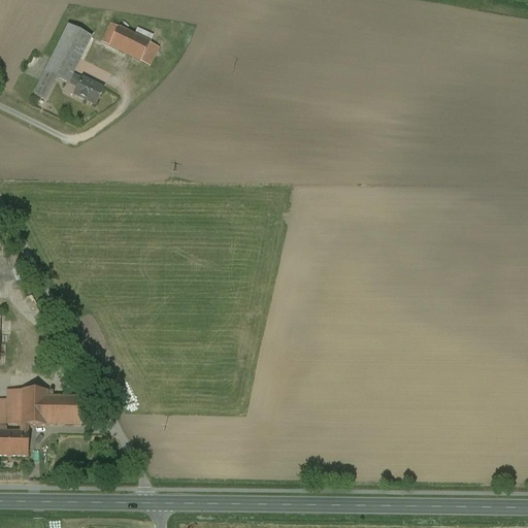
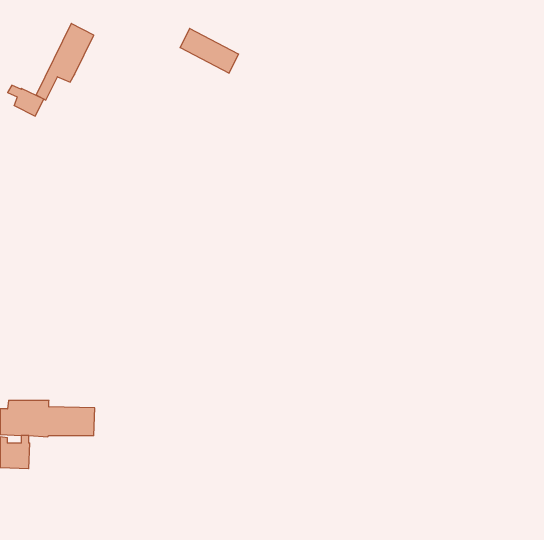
building: [102,21,159,64] -> [180,28,239,73]
building: [68,72,103,102] -> [8,85,44,116]

